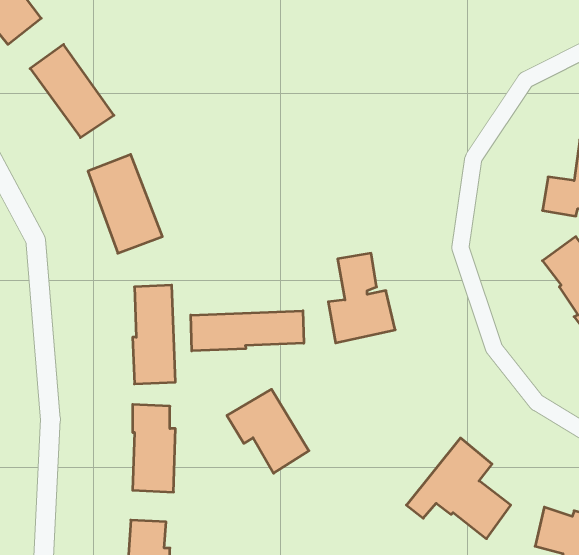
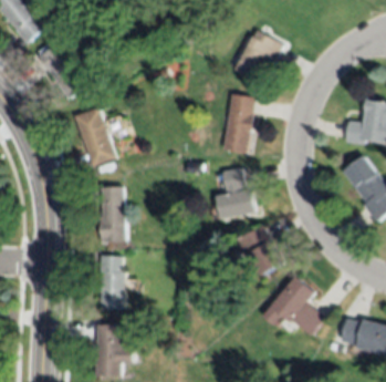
building: none -> [234,31,282,83]
building: none -> [222,94,253,153]
building: [191,311,304,351] -> none
building: [227,389,309,473] -> [234,226,283,276]

